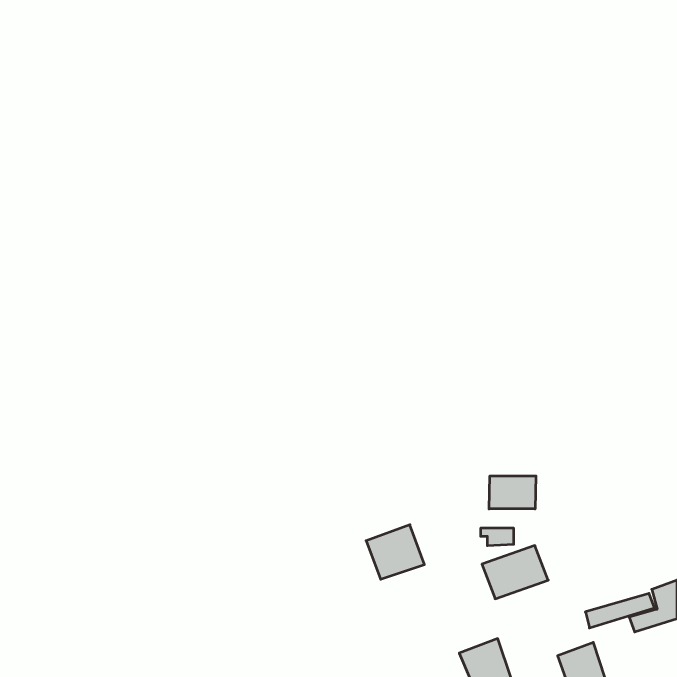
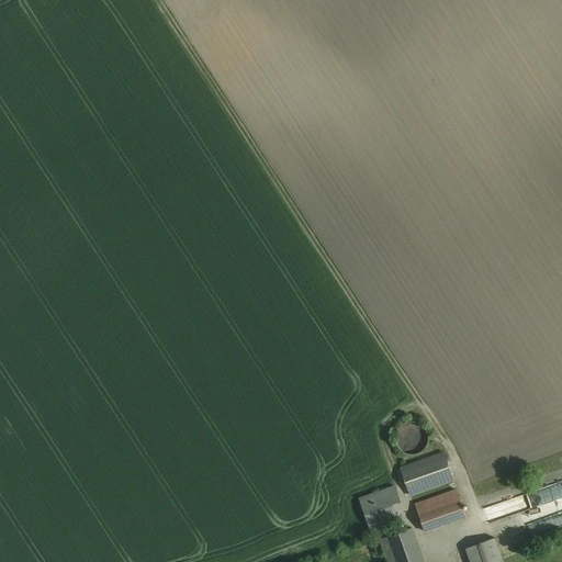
building: [489,476,536,509] -> none
building: [366,525,424,579] -> [353,479,402,524]
building: none -> [409,481,467,535]

